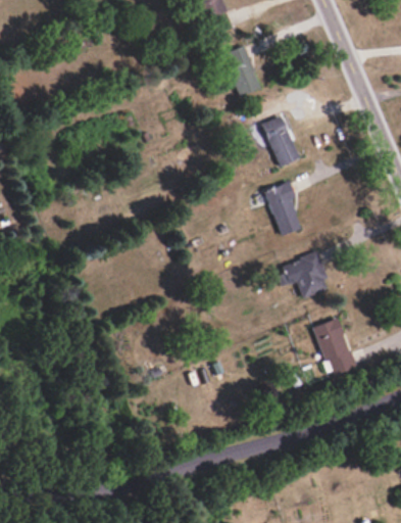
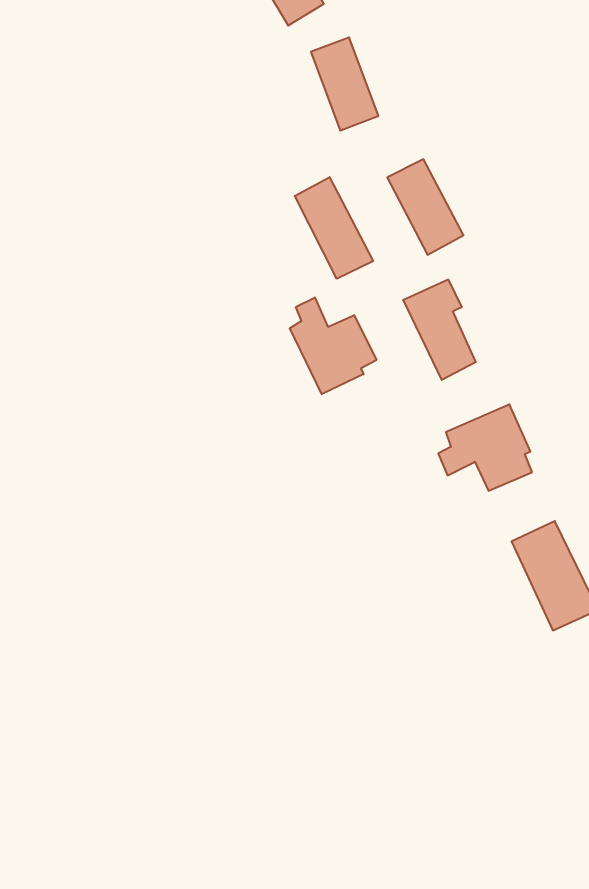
building: none -> [295,177,373,279]
building: none -> [290,297,376,394]

